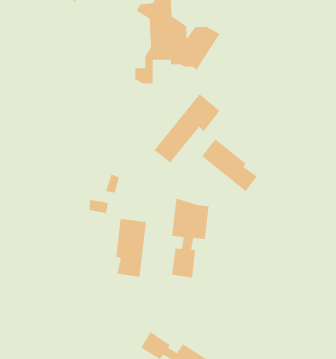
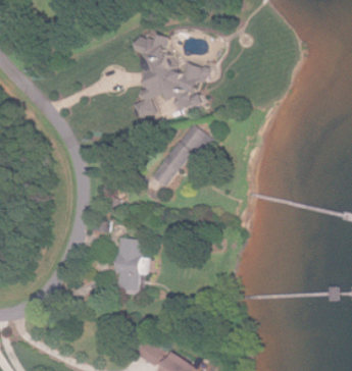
building: [201,138,258,192] -> none
building: [171,198,210,278] -> none

